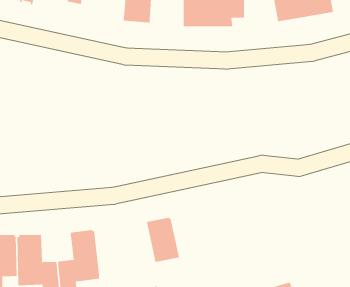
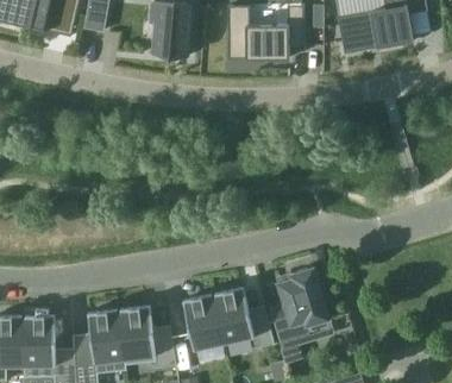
building: none -> [274,266,328,349]
building: none -> [213,285,274,347]
building: none -> [119,304,176,366]

